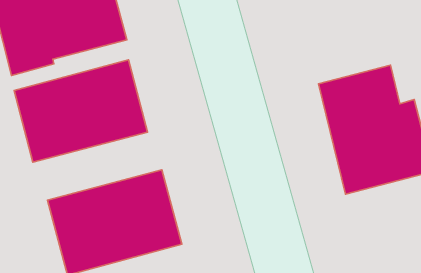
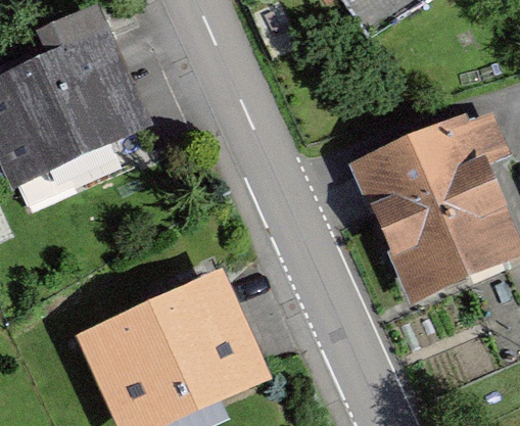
building: [14,60,148,162] -> none

